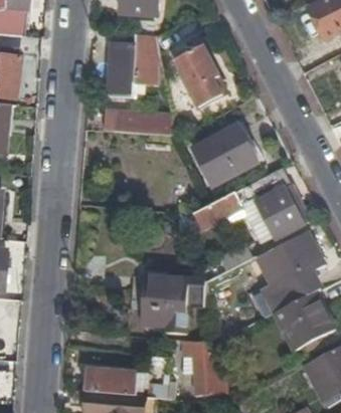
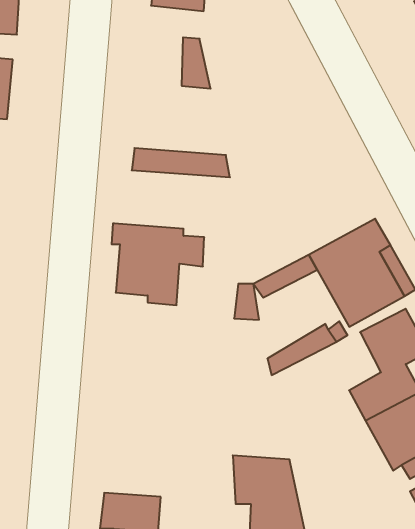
building: [107,43,137,97] -> none
building: [170,45,220,109] -> none
building: [191,124,257,188] -> none
building: [137,274,204,334] -> [112,223,204,305]

